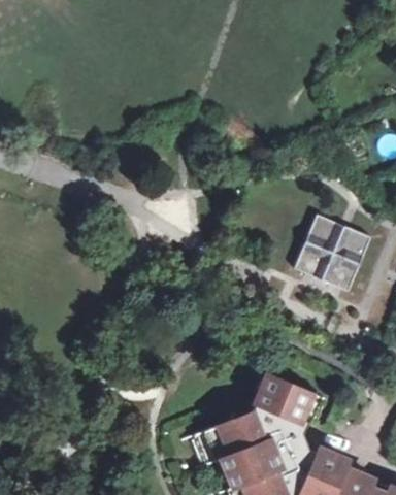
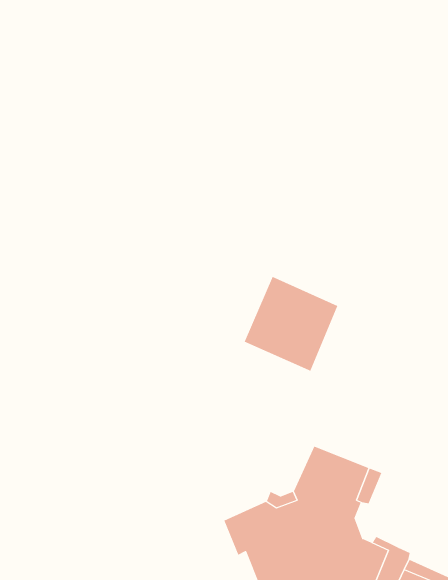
building: [297,213,372,290] -> [244,276,338,371]

